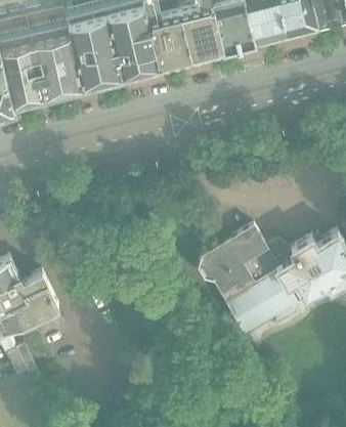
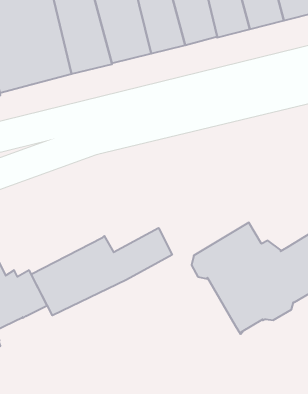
building: none -> [31,228,172,315]

